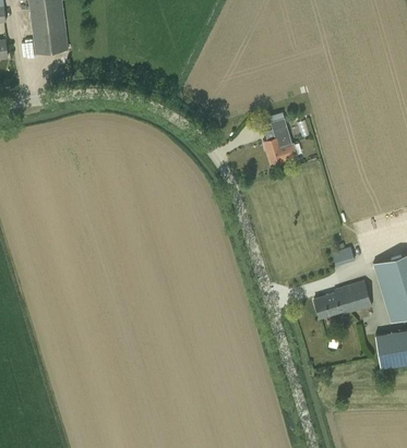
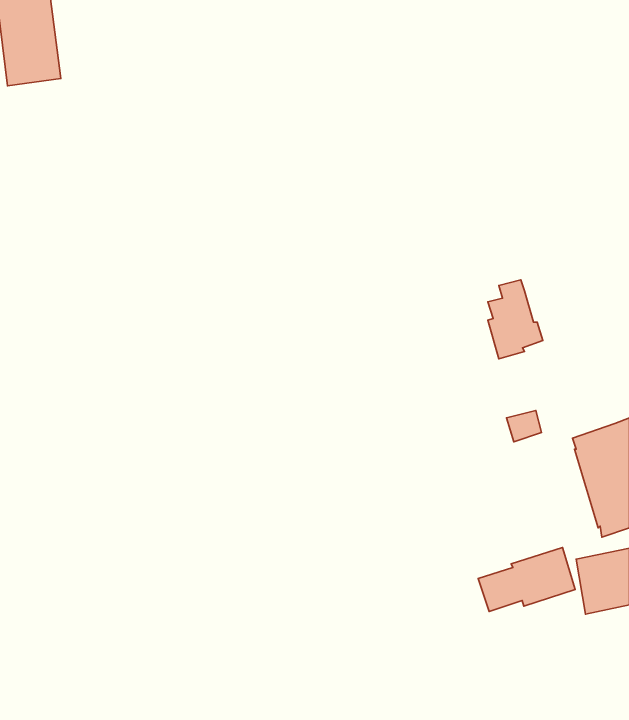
building: [264,119,297,166] -> [488,280,543,359]
building: [313,281,371,319] -> [478,547,575,612]

